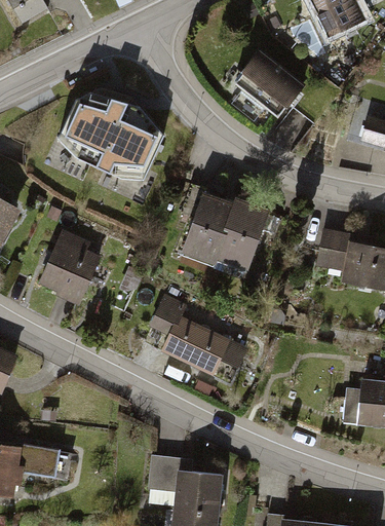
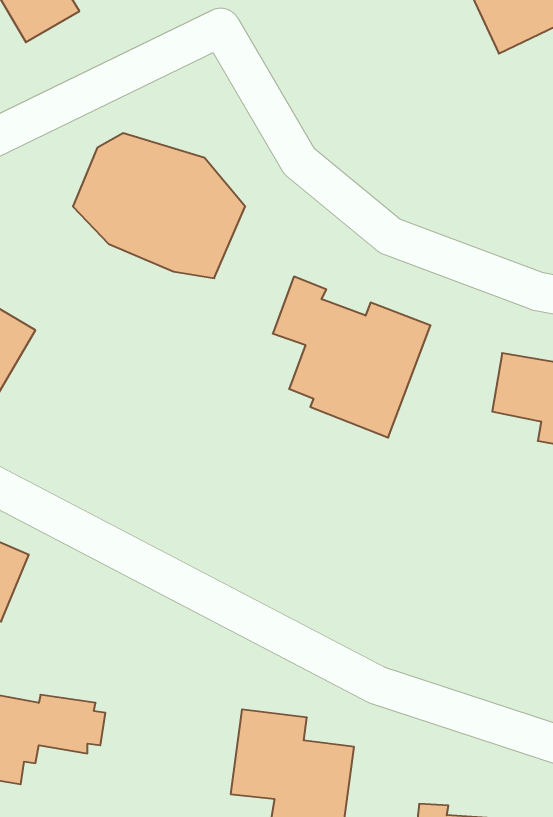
building: [218,46,301,119] -> none
building: [39,228,103,304] -> none
building: [149,294,249,382] -> none

